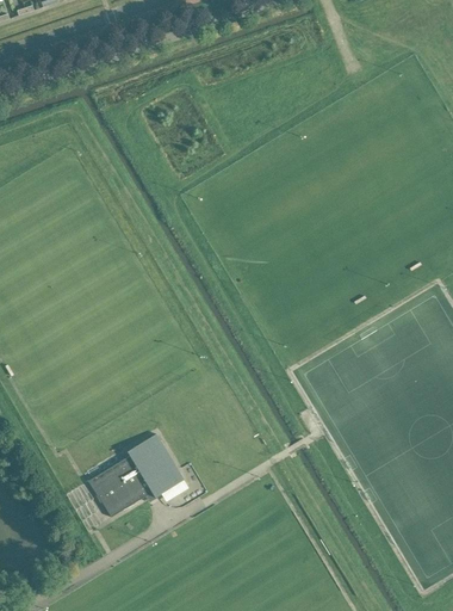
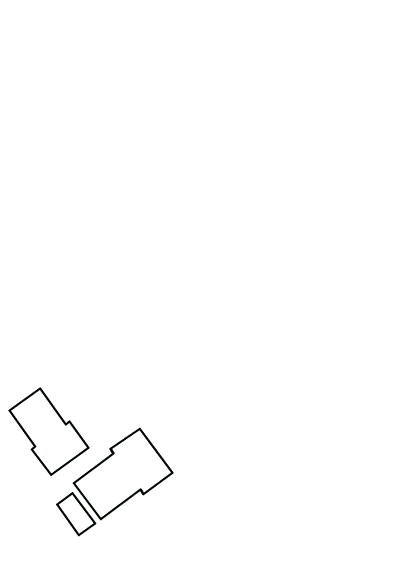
building: none -> [9,388,89,475]

